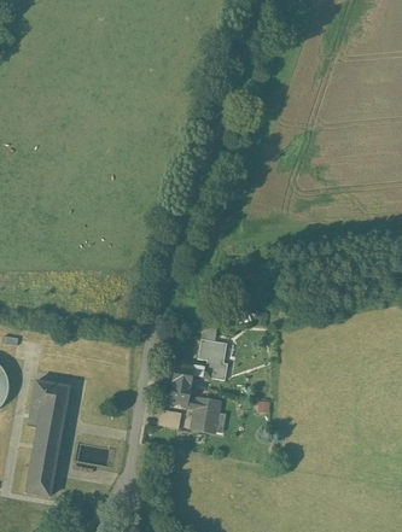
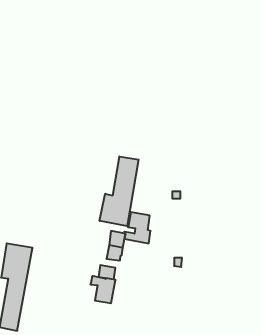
building: none -> [100,156,139,226]
building: [185,397,219,433] -> [90,276,116,303]

